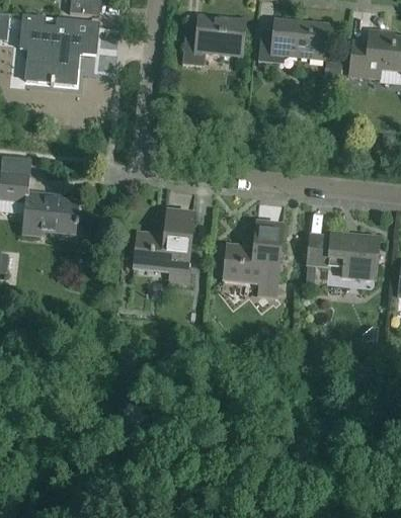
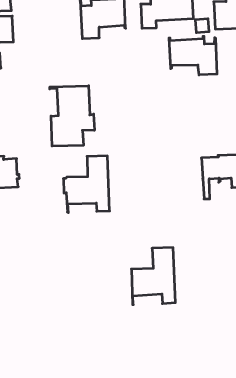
building: none -> [169,36,217,75]
building: none -> [50,86,94,146]
building: [222,223,283,294] -> [131,248,175,305]

